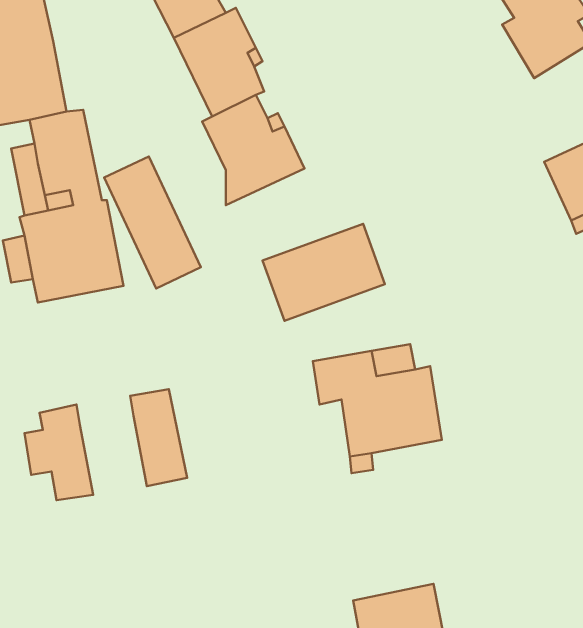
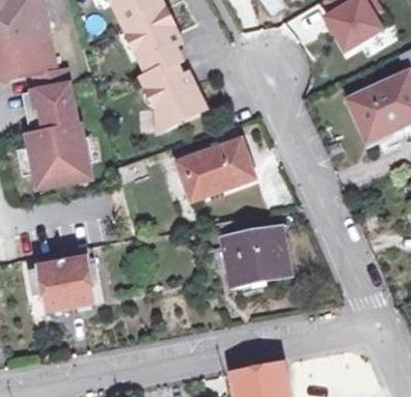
building: [104,156,201,288] -> none
building: [130,389,187,486] -> [62,248,98,308]

